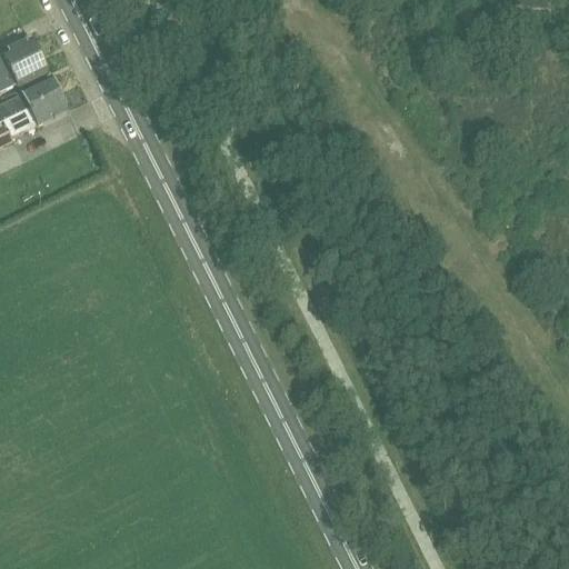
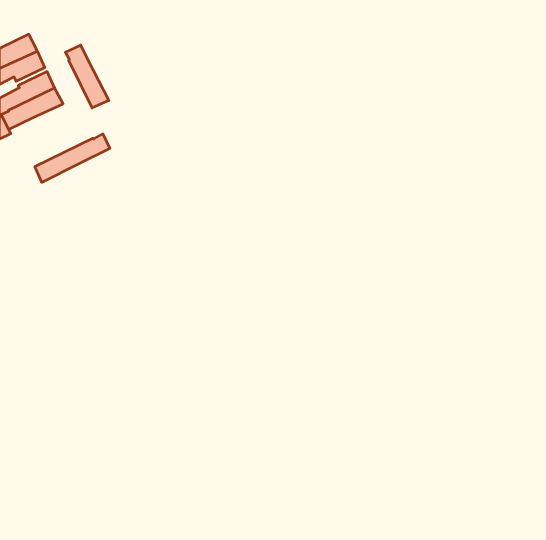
building: none -> [65,45,109,108]
building: none -> [35,134,110,182]

